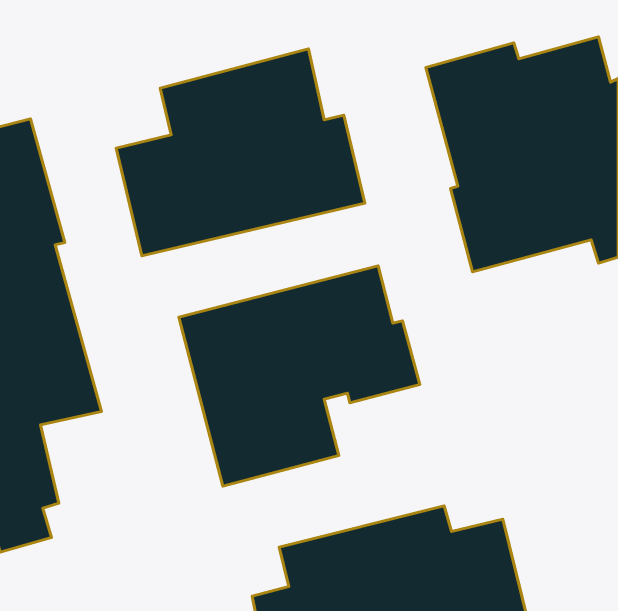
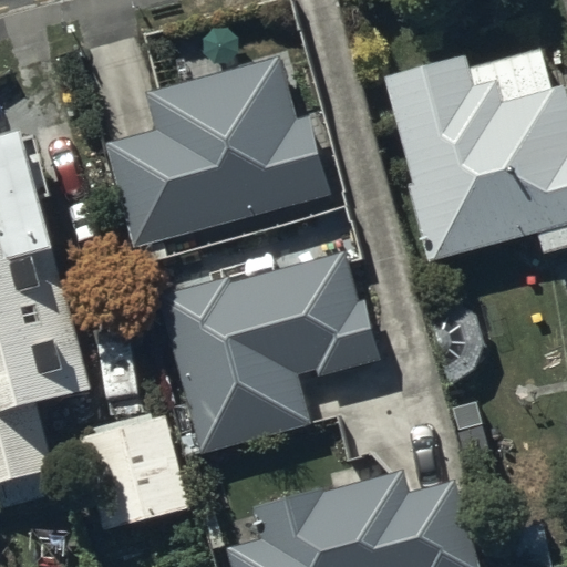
building: none -> [78,414,188,530]

